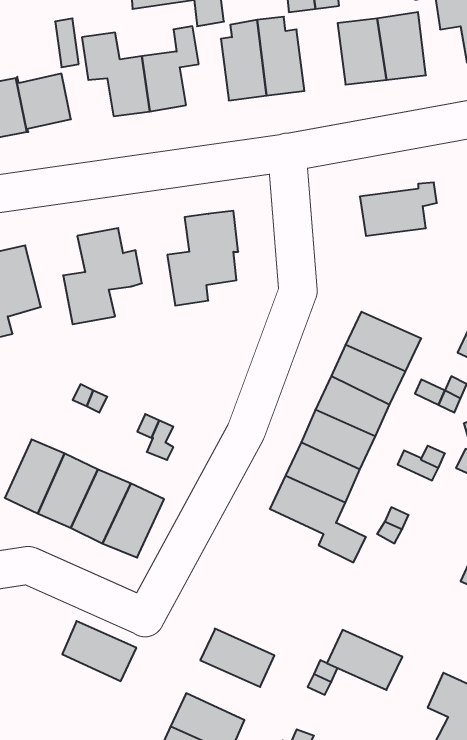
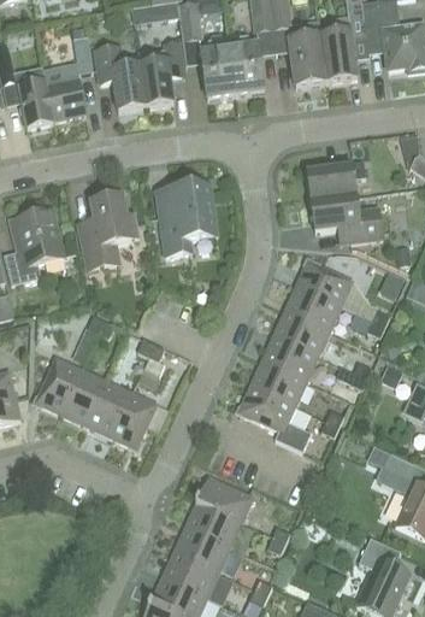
building: none -> [311,195,382,241]
building: [62,621,136,681] -> [173,525,230,571]
building: [327,630,402,690] -> [195,476,253,522]

